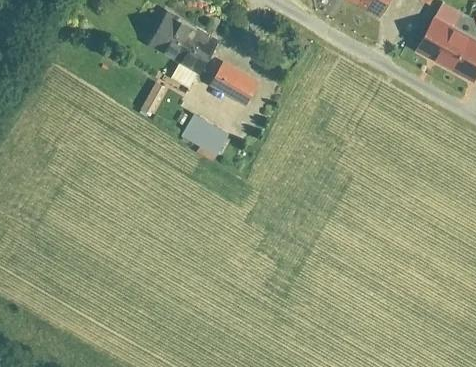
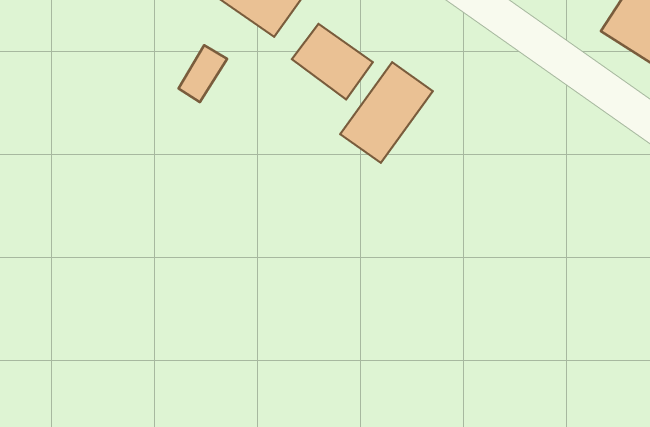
building: none -> [340,62,433,163]
building: [182,112,226,152] -> none

